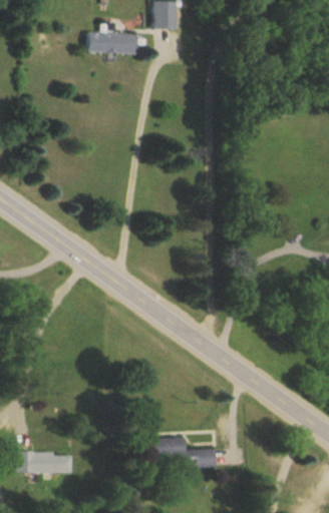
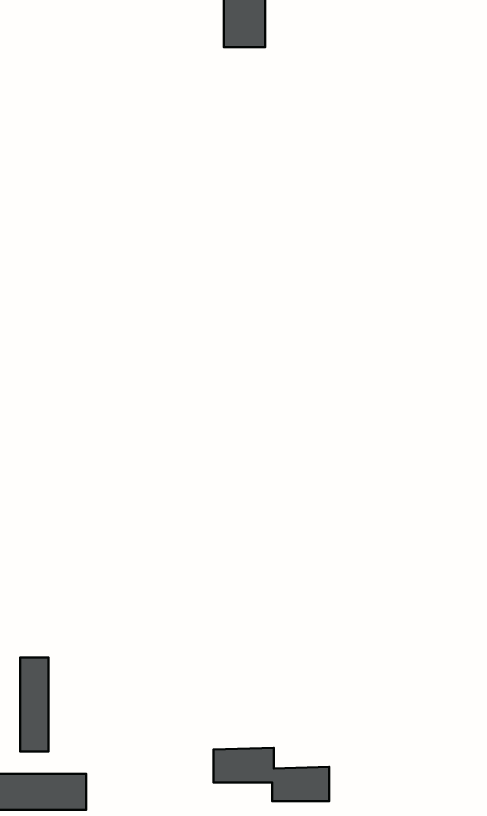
building: [85,31,133,53] -> none
building: none -> [20,658,49,752]

